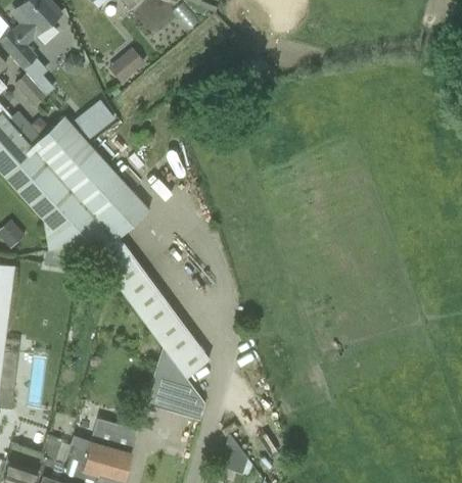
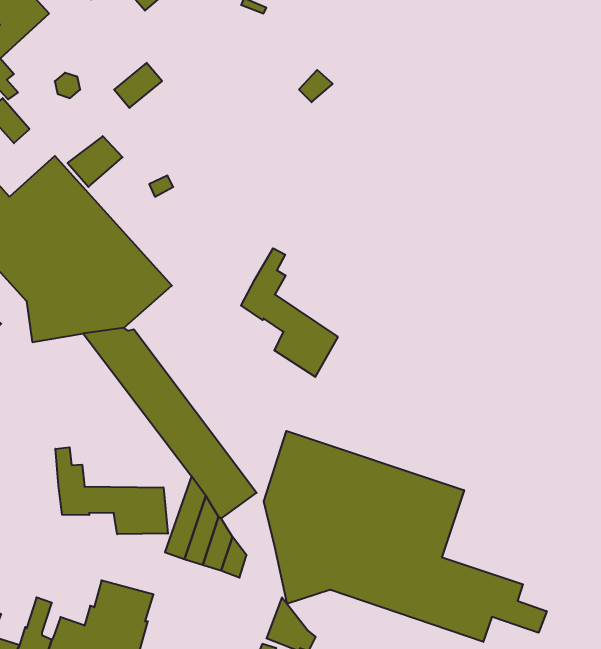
building: none -> [241,248,338,377]
building: none -> [264,431,547,642]
building: none -> [55,447,168,534]

